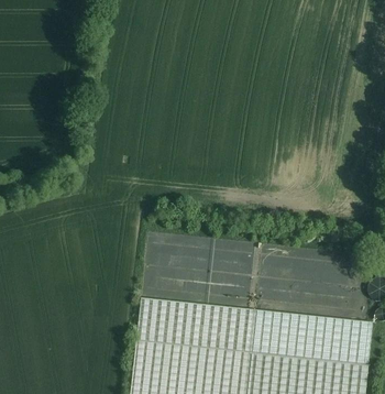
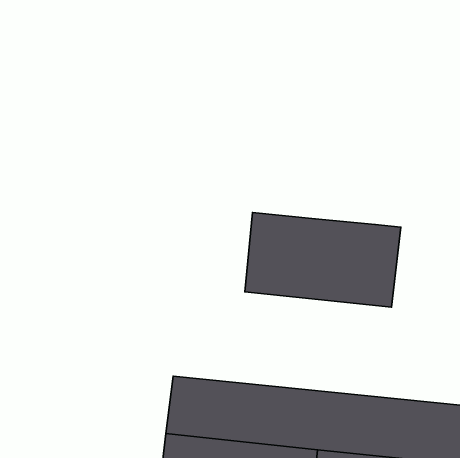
building: none -> [245,212,401,307]

